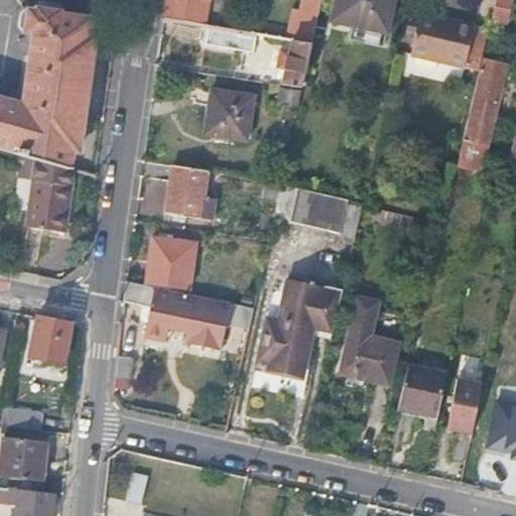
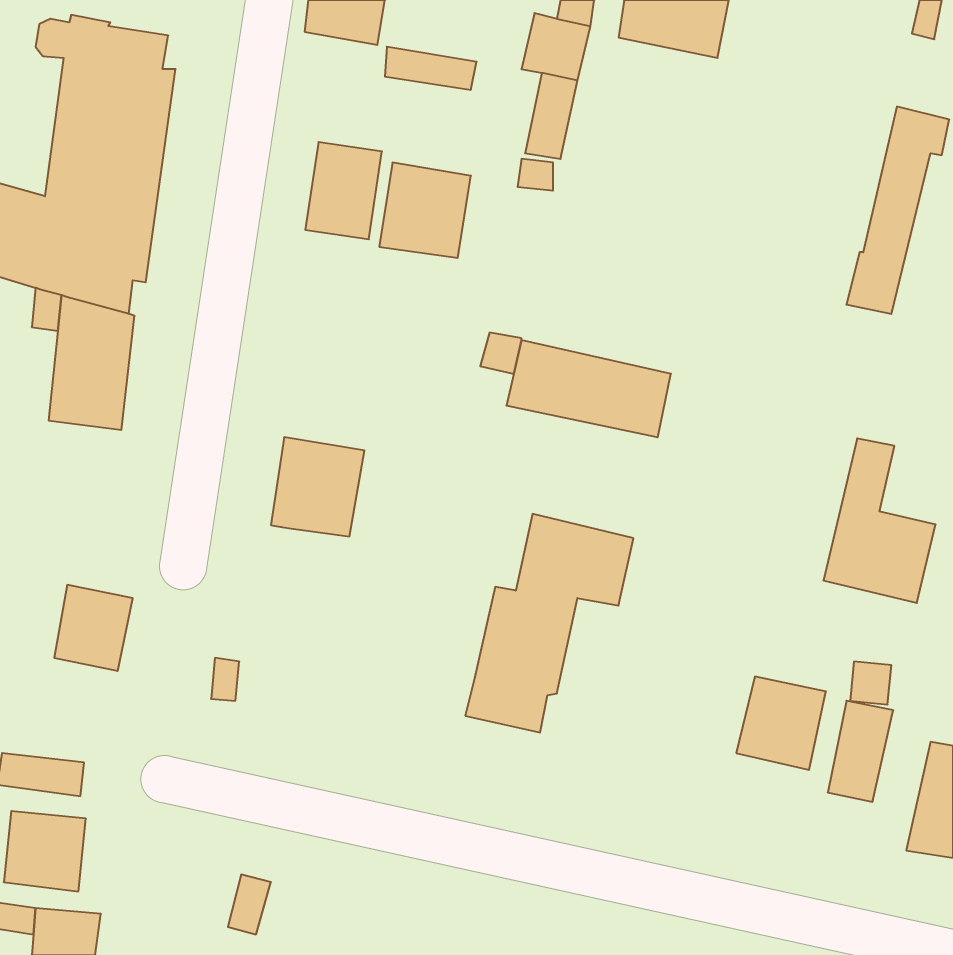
building: [412,10,490,69] -> none
building: [166,165,208,218] -> [305,142,382,239]
building: [122,279,254,349] -> none
building: [340,296,400,385] -> [823,438,936,603]

